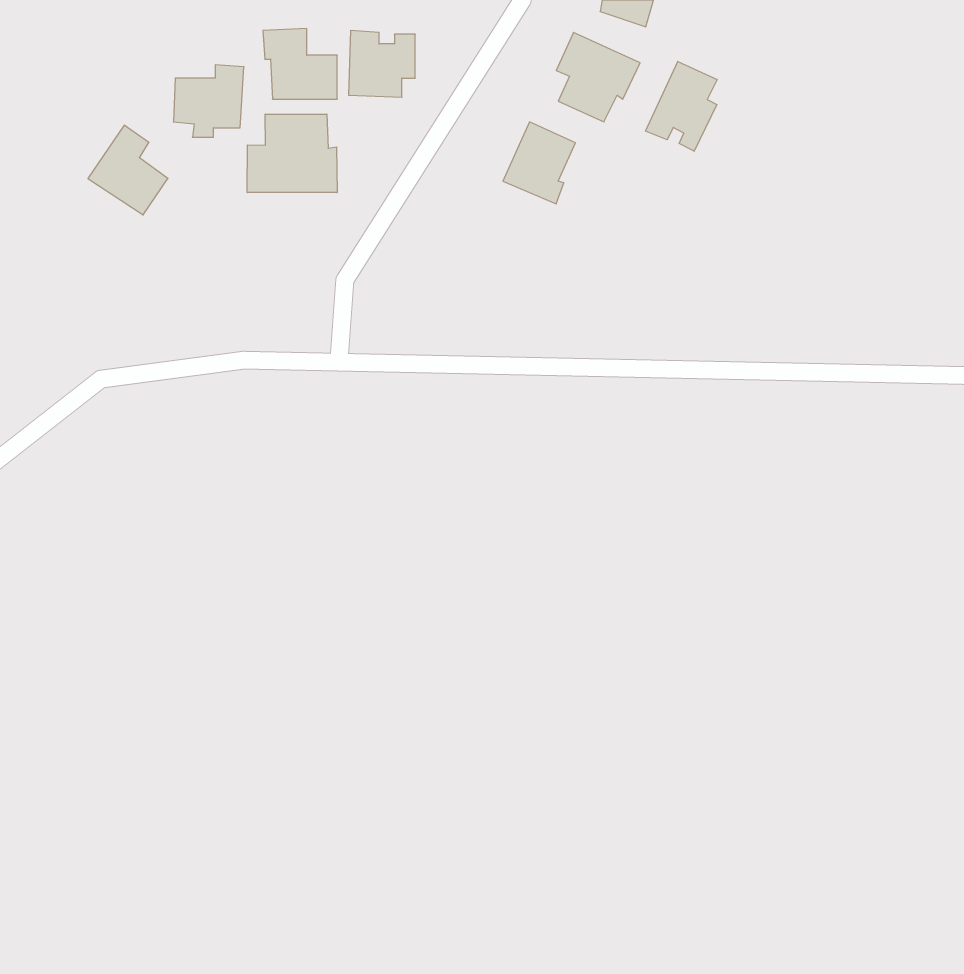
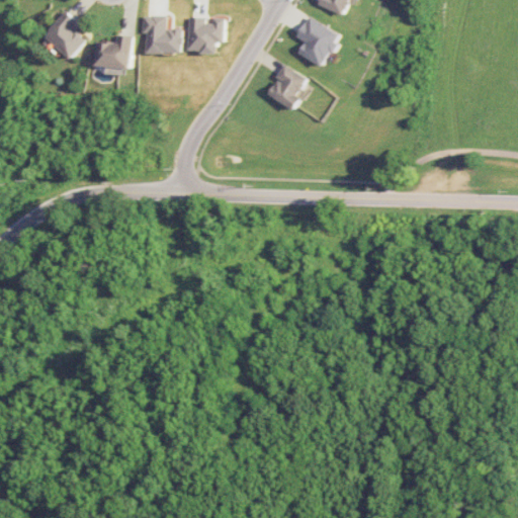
building: [646,61,717,151] -> none
building: [247,114,337,193] -> none
building: [88,125,168,215] -> [40,10,83,58]

